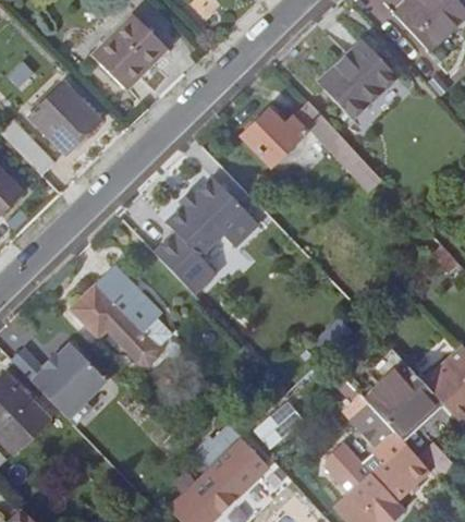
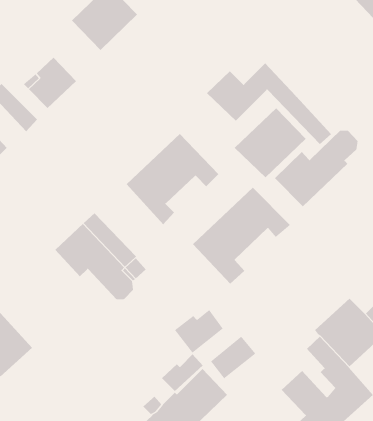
building: [317,43,397,121] -> [234,108,306,178]
building: none -> [274,130,358,207]
building: none -> [192,187,291,285]
building: [30,342,107,425] -> none
building: none -> [174,309,224,354]

